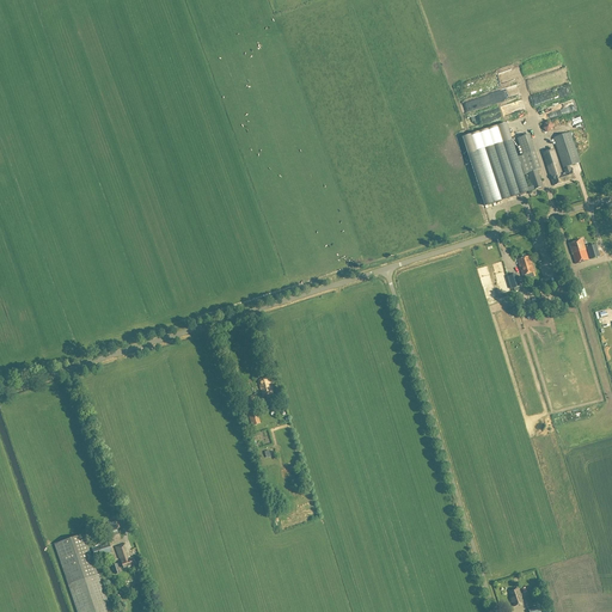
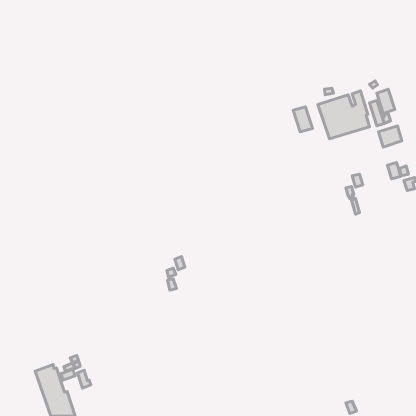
building: none -> [293,107,312,132]
building: none -> [379,126,402,147]

